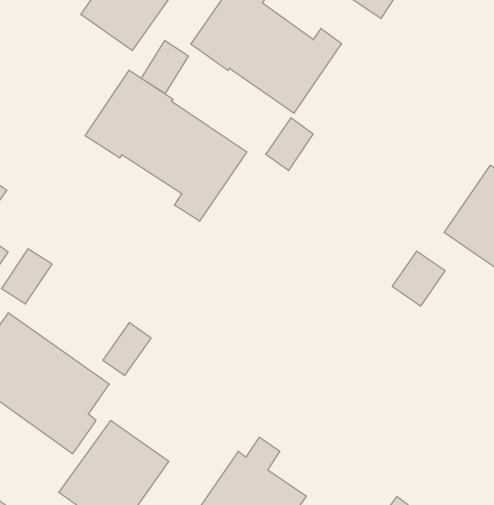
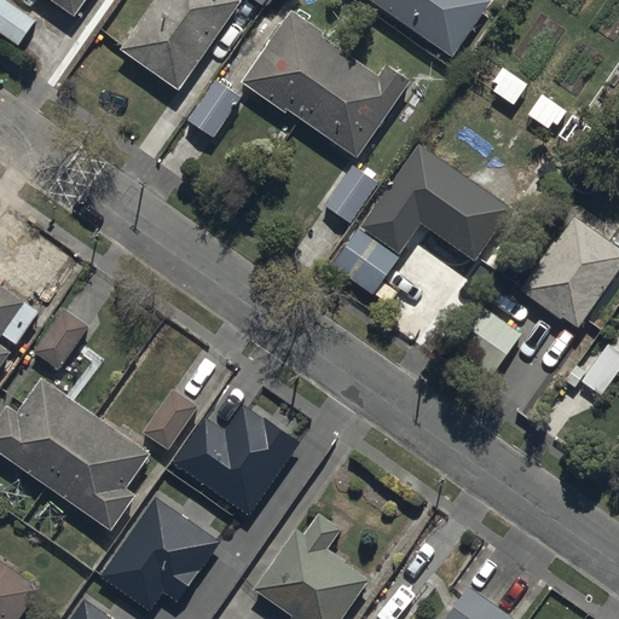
building: [85,70,247,221] -> none
building: none -> [331,147,510,296]
building: none -> [169,404,297,515]

